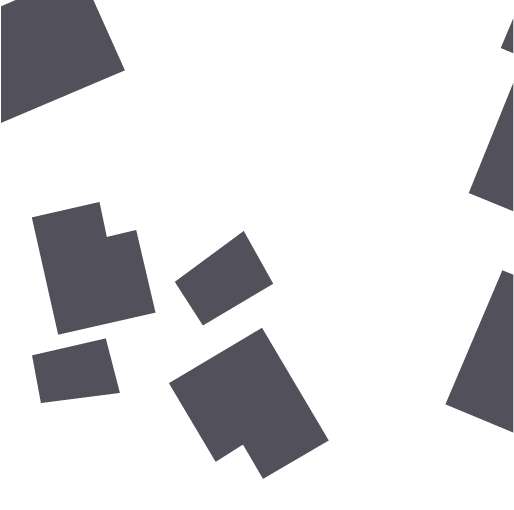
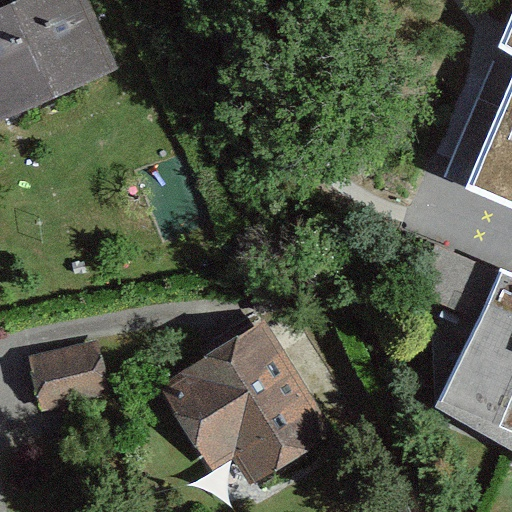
building: [31,201,156,335] -> none
building: [174,230,274,327] -> none

